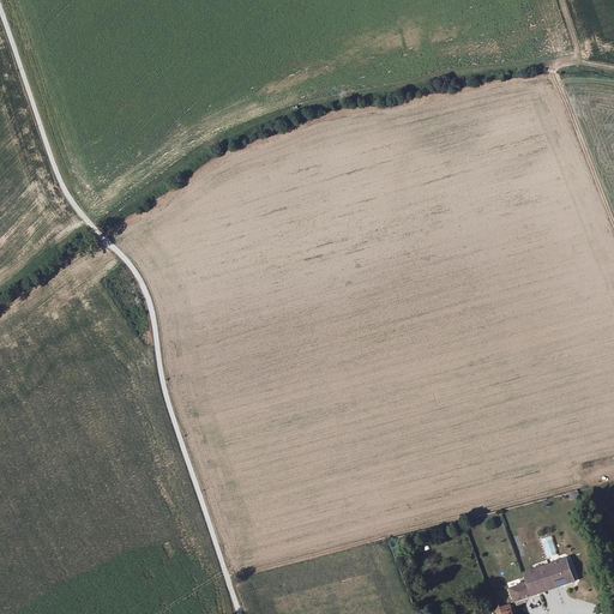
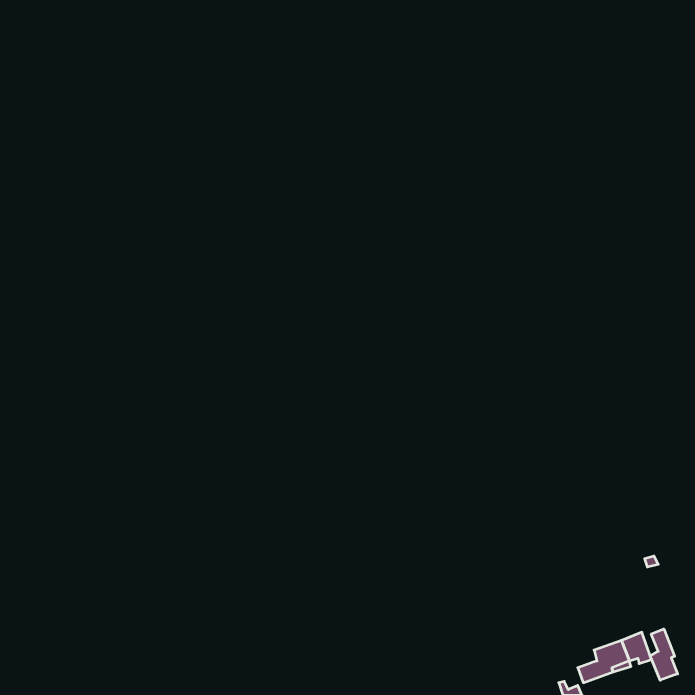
building: none -> [650,629,678,680]

